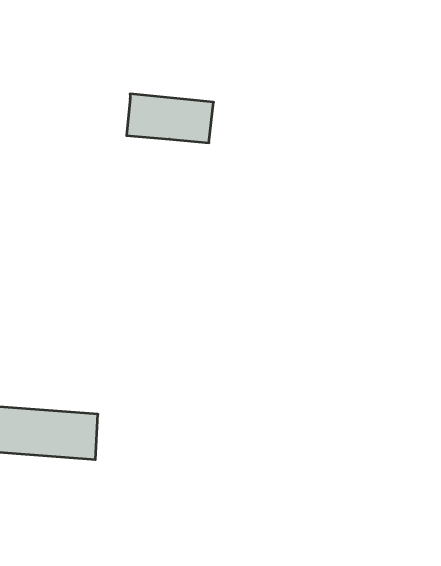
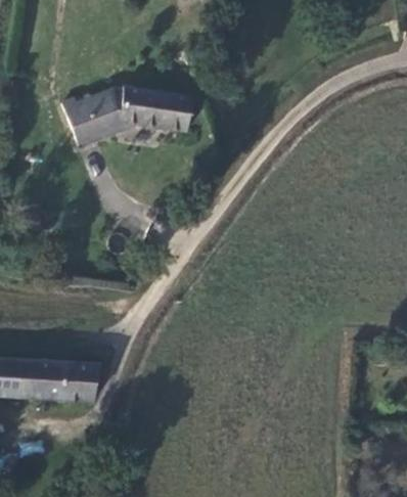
building: none -> [64,92,125,154]

